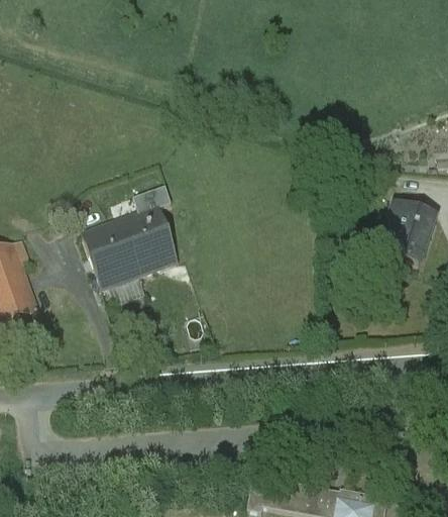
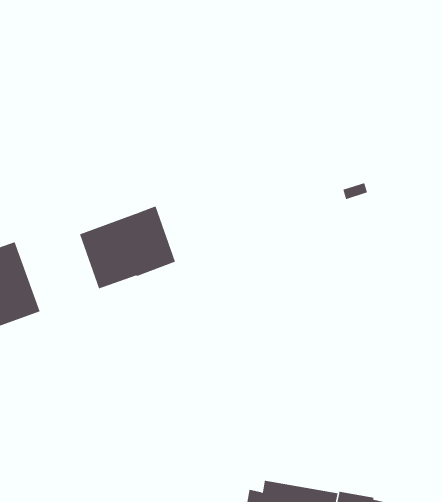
building: [134,186,172,212] -> none
building: [379,202,435,266] -> none

